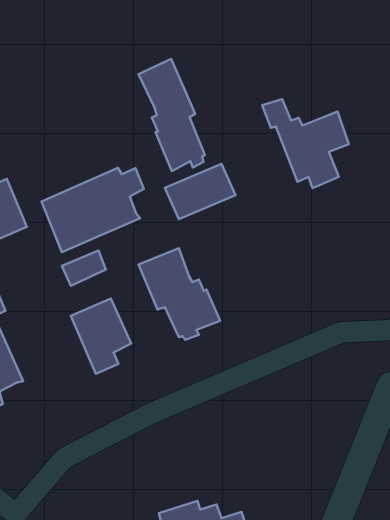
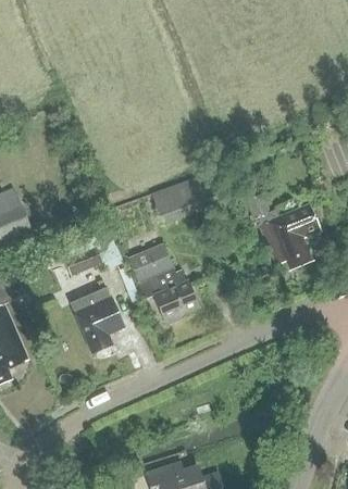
building: [139,59,205,171] -> none
building: [262,99,349,188] -> [245,193,320,271]
building: [42,168,144,252] -> none

